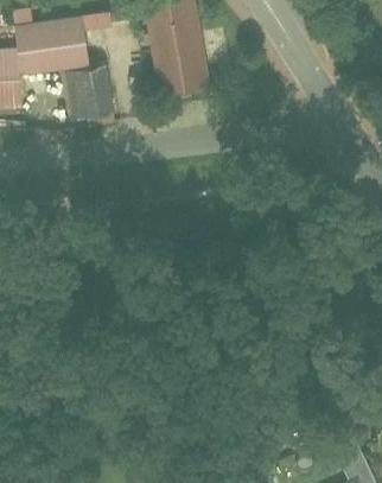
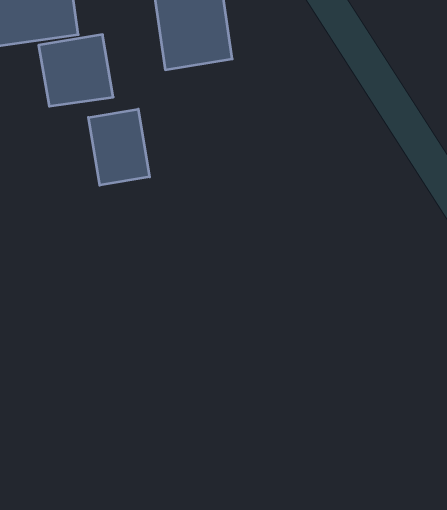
building: none -> [88,109,150,185]

